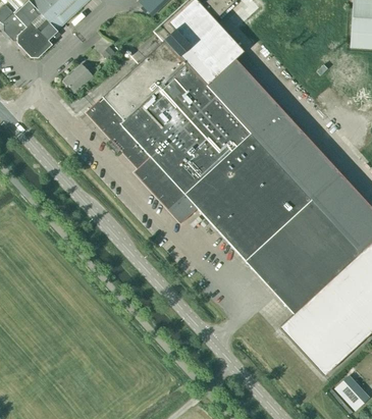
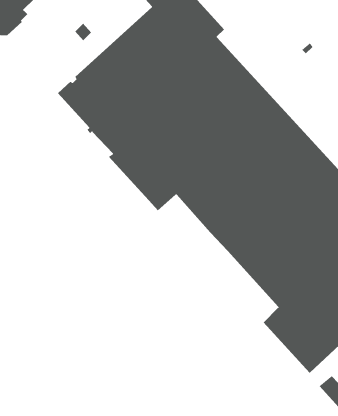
building: [64,63,93,92] -> none

